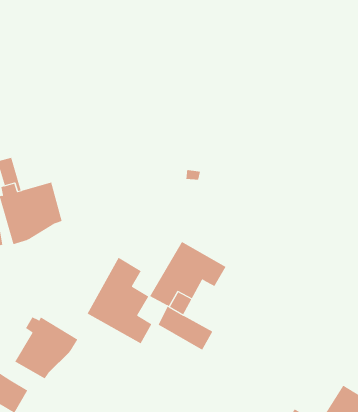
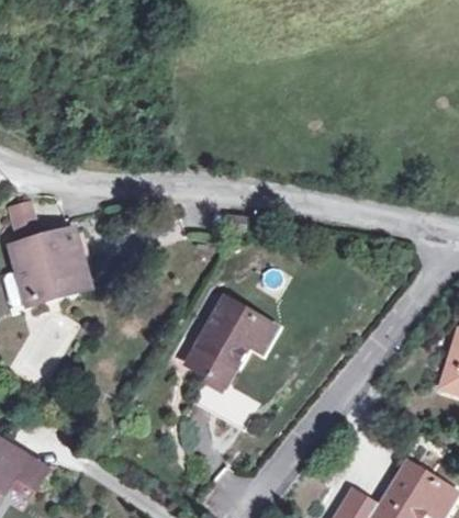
building: [87,257,152,344] -> none
building: [15,316,78,379] -> none

